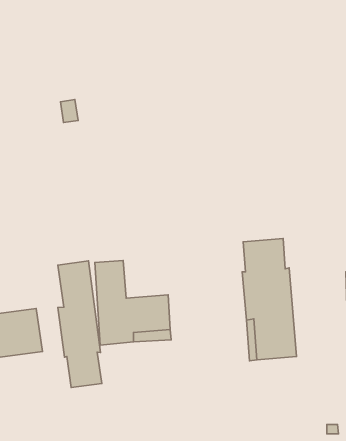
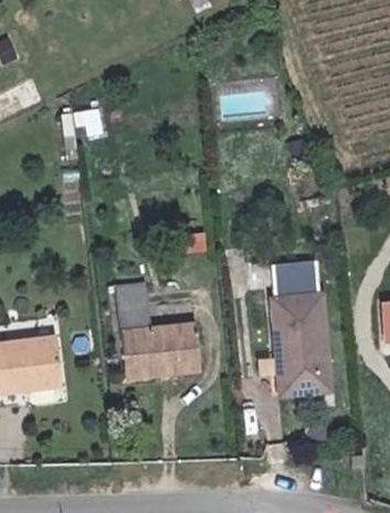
building: [58,261,102,388] -> none

